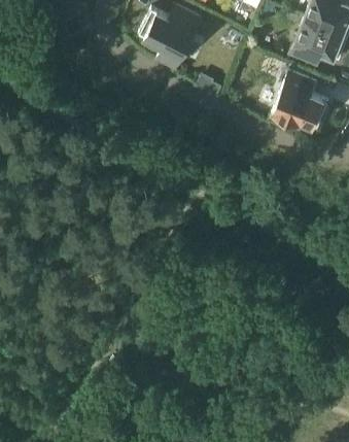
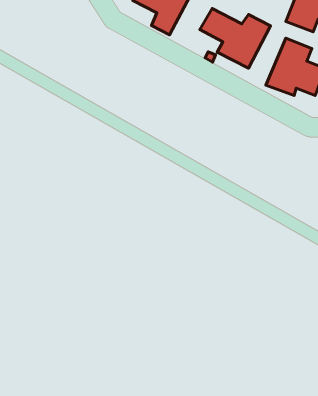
building: none -> [200,8,271,68]

